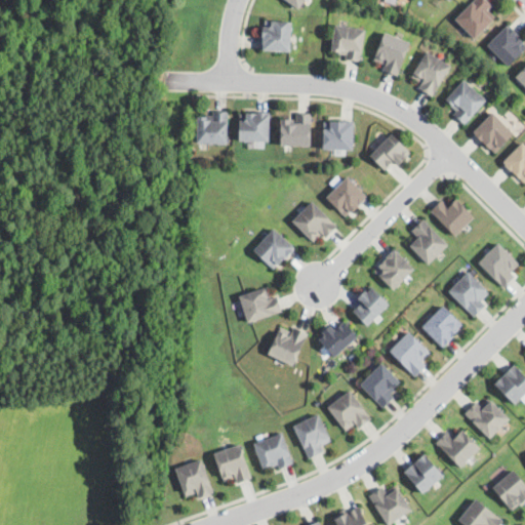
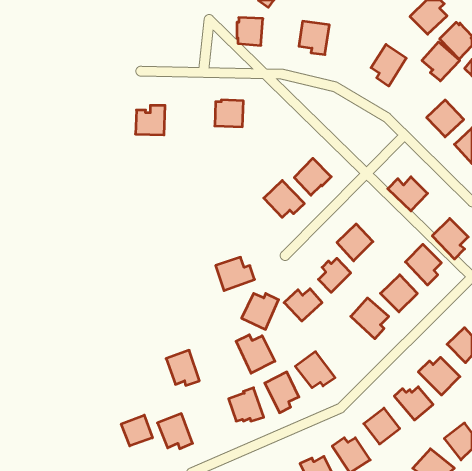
building: [373,33,410,76] -> none
building: [444,81,486,124] -> [422,42,460,81]
building: [196,112,229,145] -> [135,105,165,135]
building: [280,114,311,146] -> none
building: [322,119,353,150] -> none
building: [369,134,411,171] -> none
building: [407,219,448,266] -> none
building: [252,229,293,270] -> none
building: [360,364,400,409] -> none
building: none -> [236,335,275,373]
building: [214,445,251,484] -> [166,350,199,385]
building: none -> [121,415,152,446]

